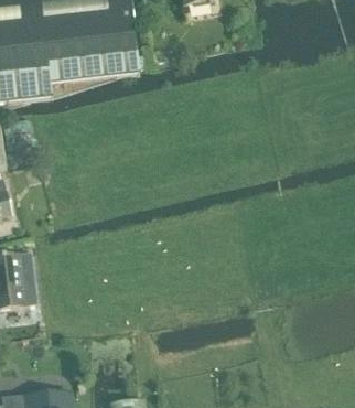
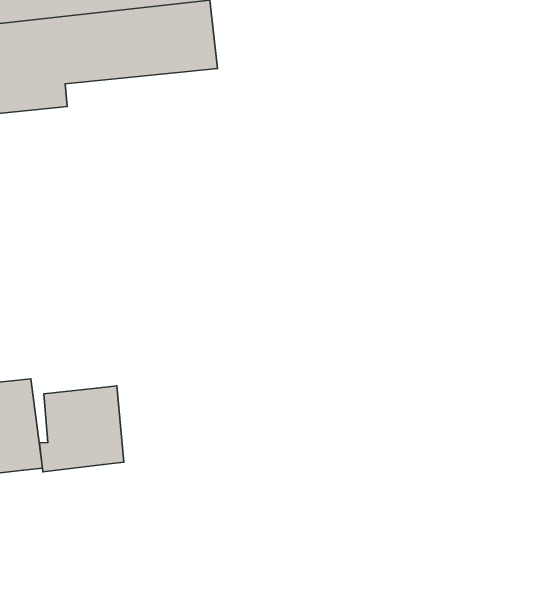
building: none -> [40,386,124,472]

